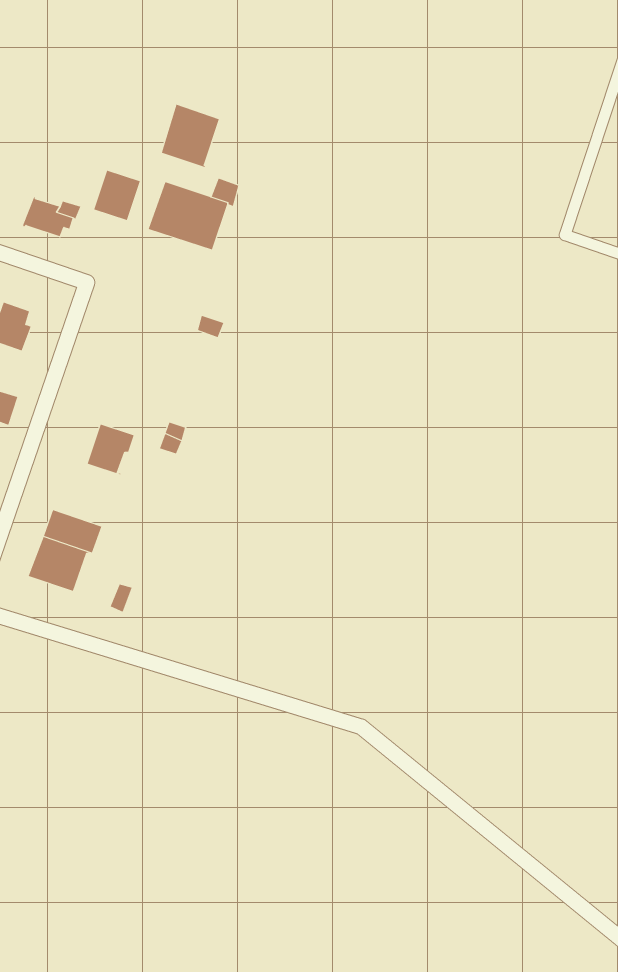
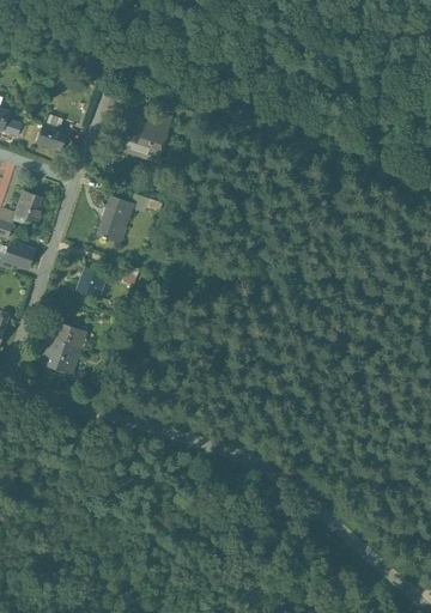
building: [161,104,219,169] -> none
building: [94,170,140,221] -> none
building: none -> [97,195,133,239]

